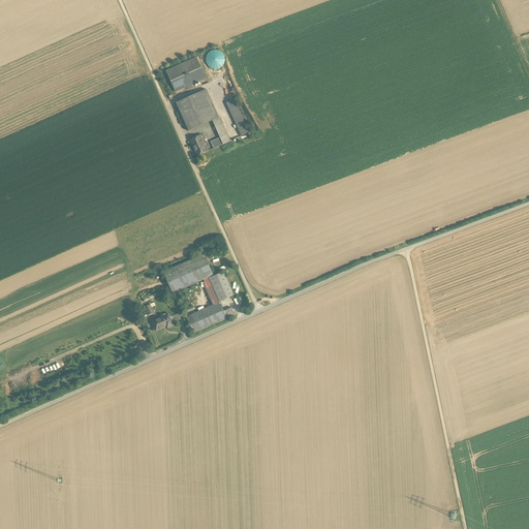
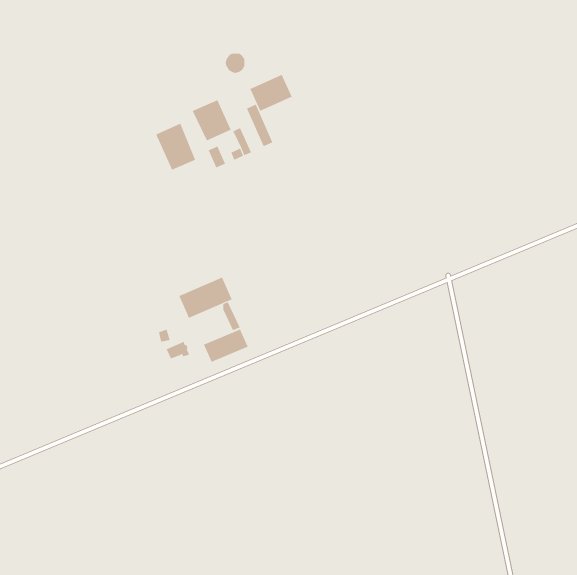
building: [166,56,206,90] -> [250,74,292,111]
building: none -> [156,123,196,170]
building: [209,270,234,300] -> none

